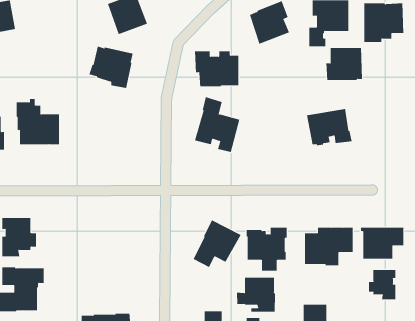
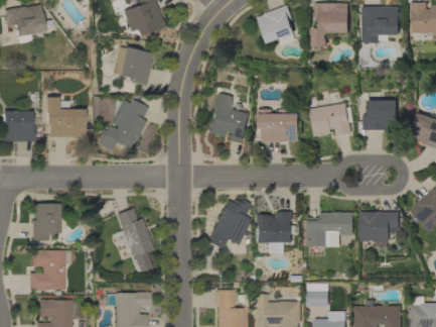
building: [325,48,363,81] -> [364,100,398,130]
building: [194,51,239,87] -> [258,109,299,142]
building: none -> [96,98,148,150]
building: none -> [115,207,153,271]
building: [369,269,396,300] -> none
building: [236,277,276,312] -> none

